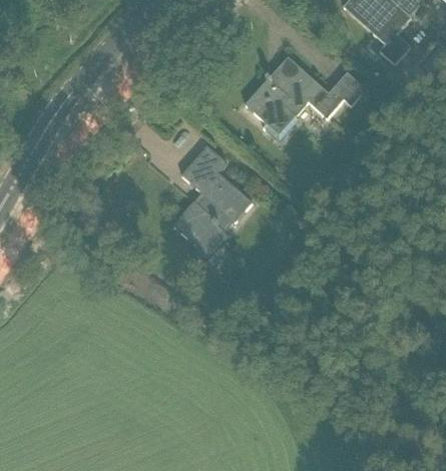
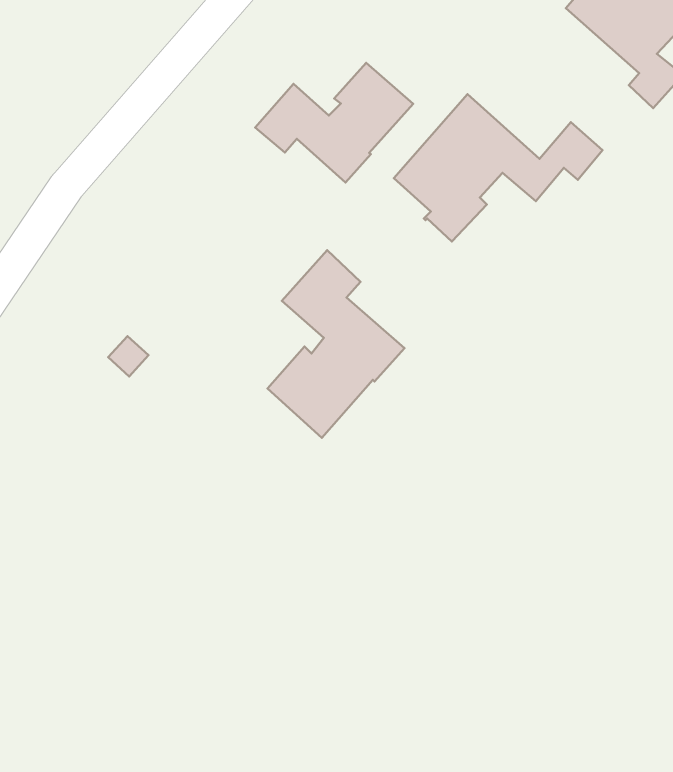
building: none -> [255,63,413,183]

